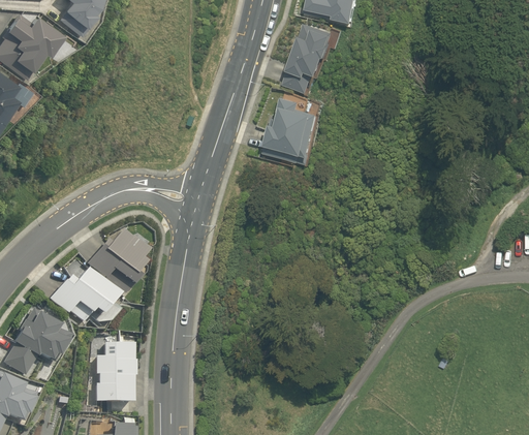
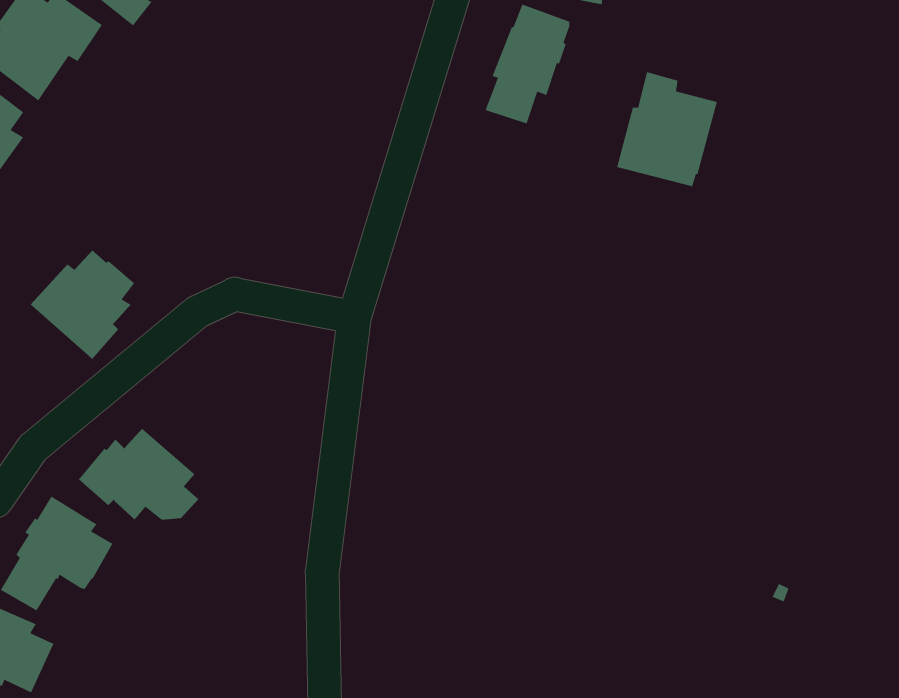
building: [264,96,323,163] -> [616,71,718,187]
building: [86,229,147,293] -> [30,249,135,360]
building: [94,342,134,401] -> none

